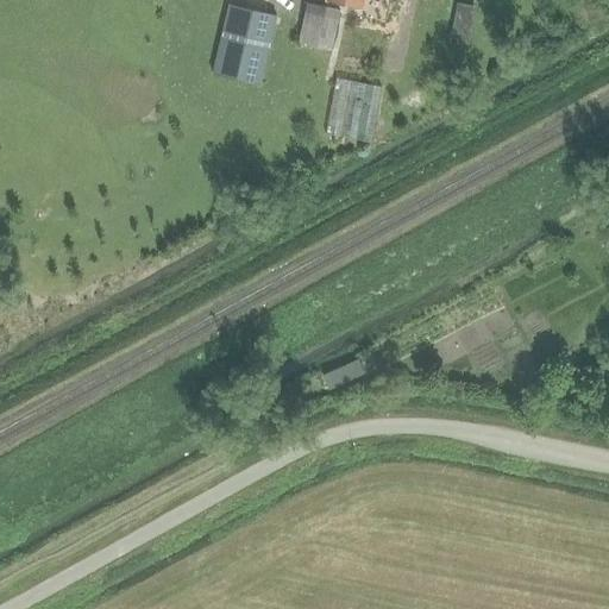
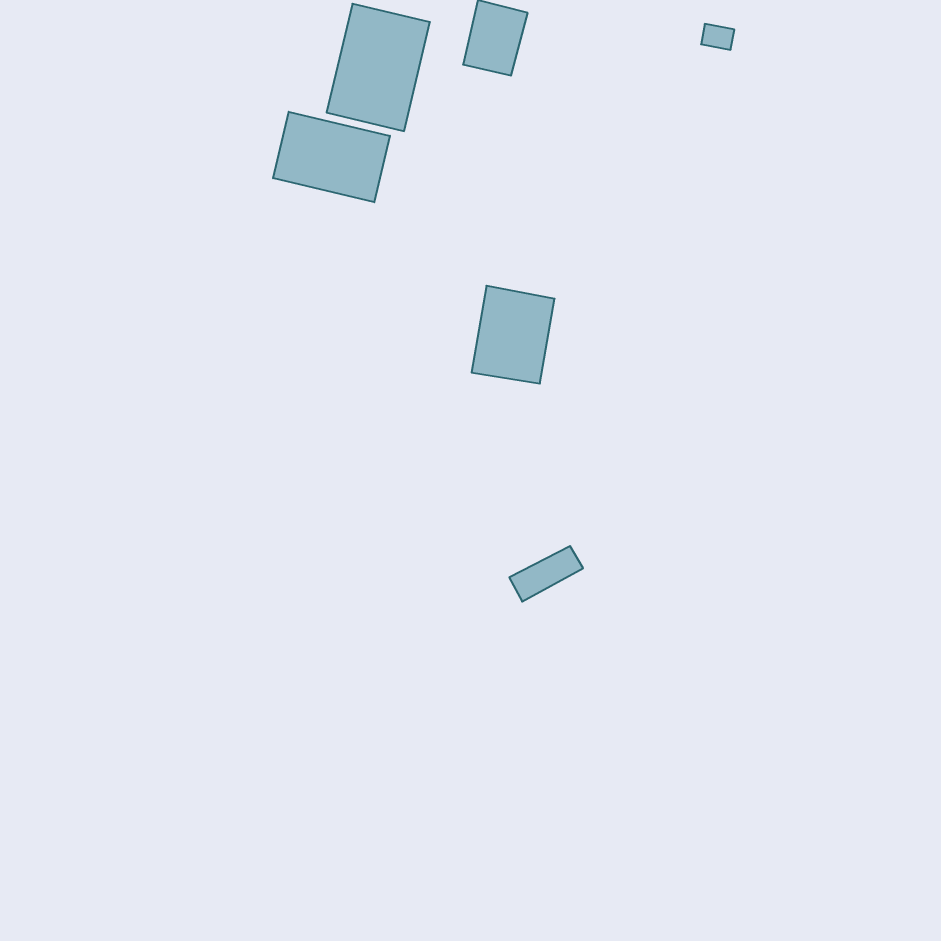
building: none -> [273,112,390,202]
building: [326,77,379,140] -> [472,286,555,384]

